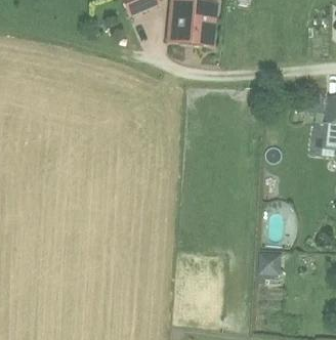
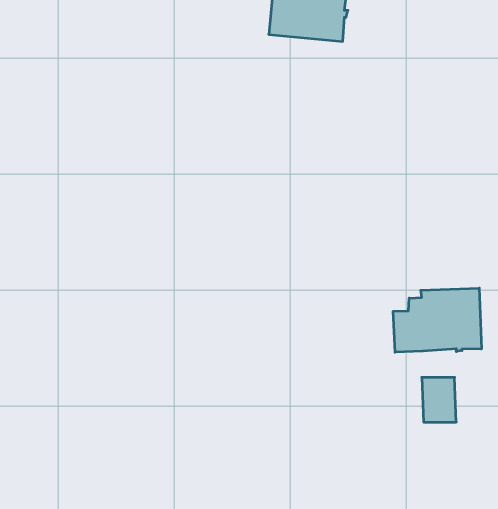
building: none -> [393,288,481,352]

